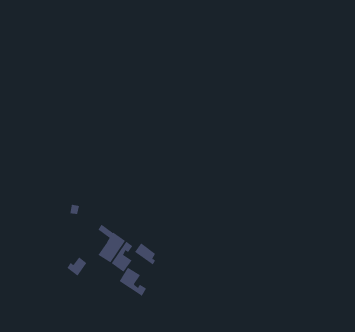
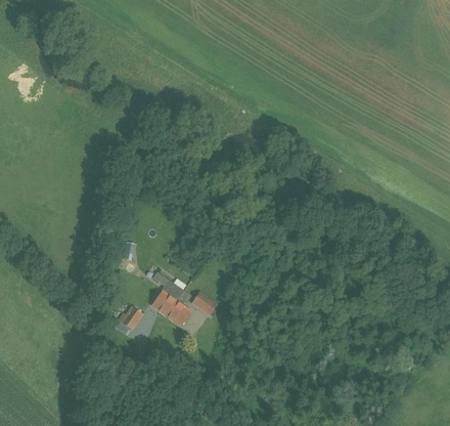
building: [119,267,147,297] -> none

